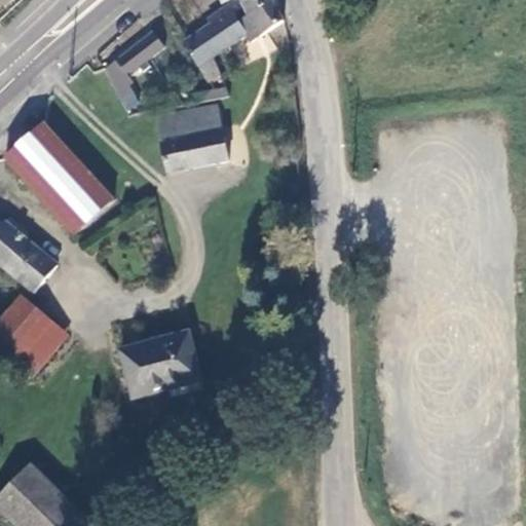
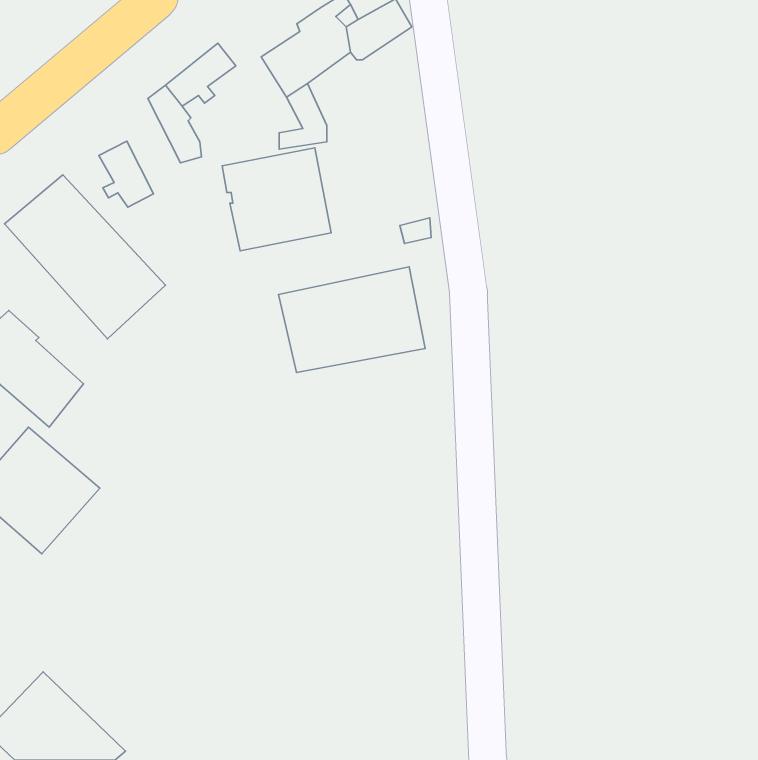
building: none -> [99,141,154,207]
building: none -> [278,267,425,373]
building: [117,330,202,401] -> none

